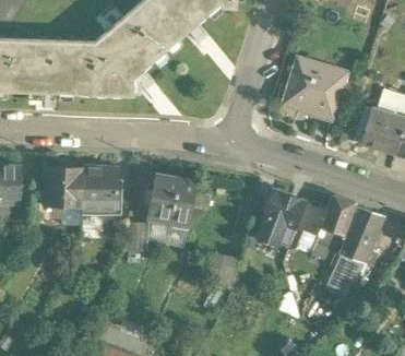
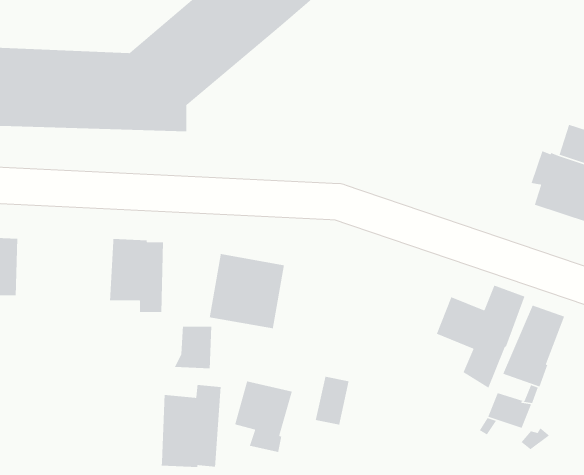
building: [285,58,344,116] -> none
building: [45,166,84,206] -> none
building: [259,191,307,244] -> none
building: none -> [234,380,293,453]
building: none -> [161,384,221,468]

